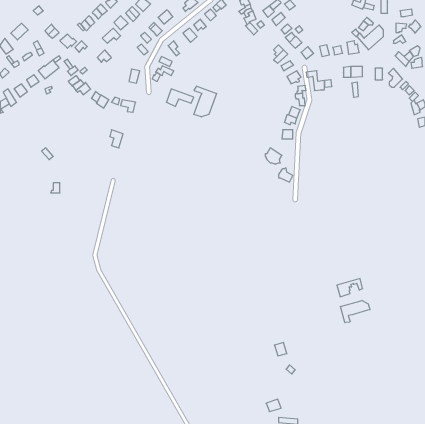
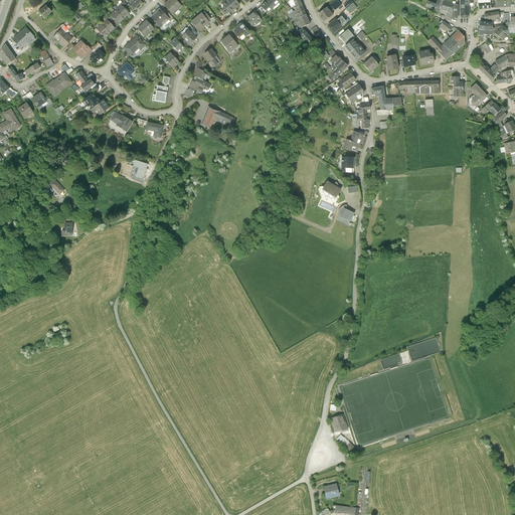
building: [194,86,217,117] -> none
building: [340,300,370,323] -> none

